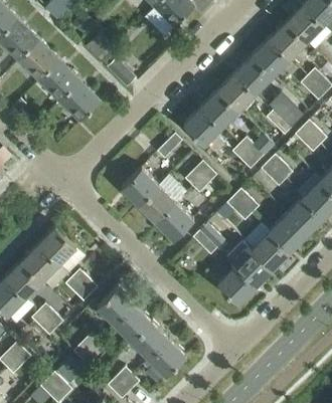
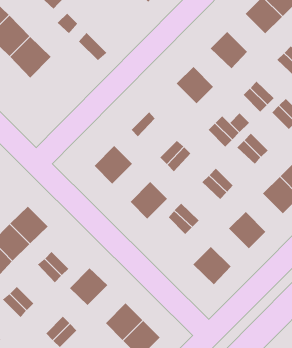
building: [252,38,289,75] -> none
building: [218,72,256,110] -> none
building: [58,80,101,122] -> none
building: [183,107,221,145] -> none
building: [139,185,176,222] -> none
building: [270,214,306,251] -> none
building: [226,240,273,285] -> none
building: [115,304,152,341] -> none

